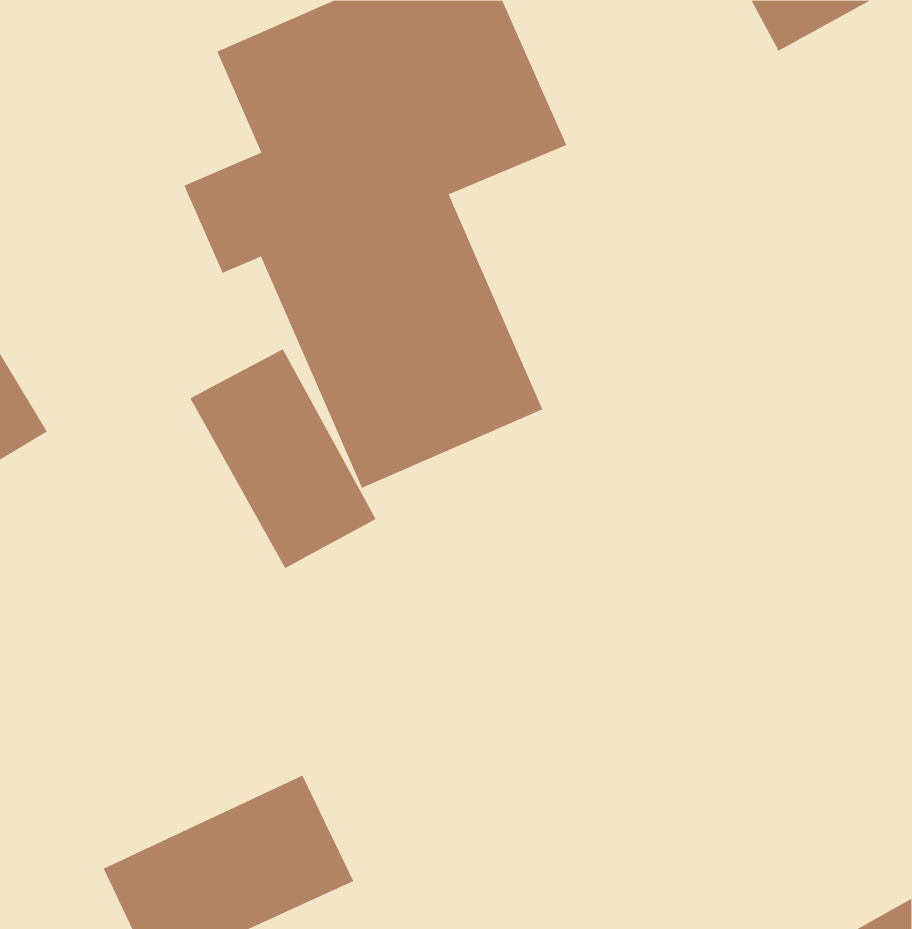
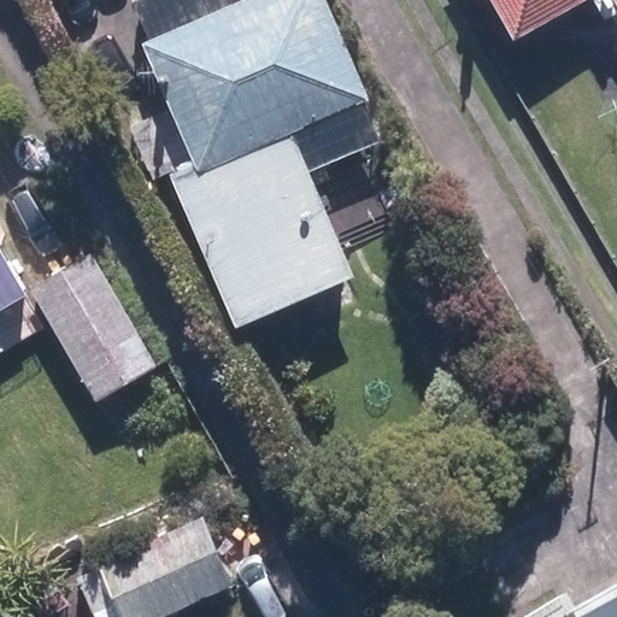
building: [189,348,377,569] -> [28,264,151,409]

